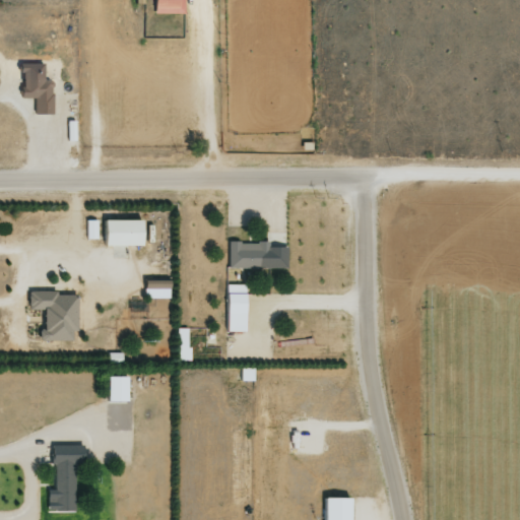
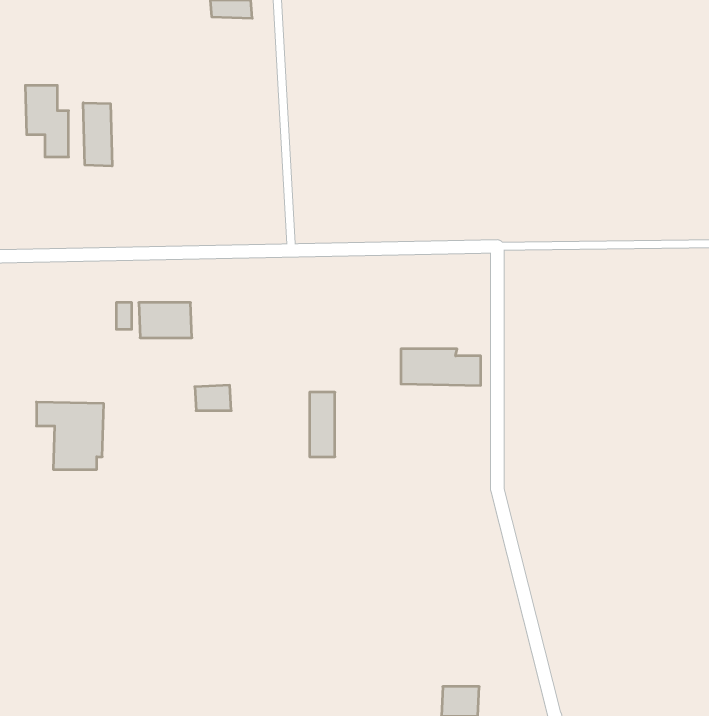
building: none -> [83,103,112,166]
building: [232,242,289,268] -> [401,349,481,385]
building: [110,376,130,401] -> none
building: [50,445,84,512] -> none

